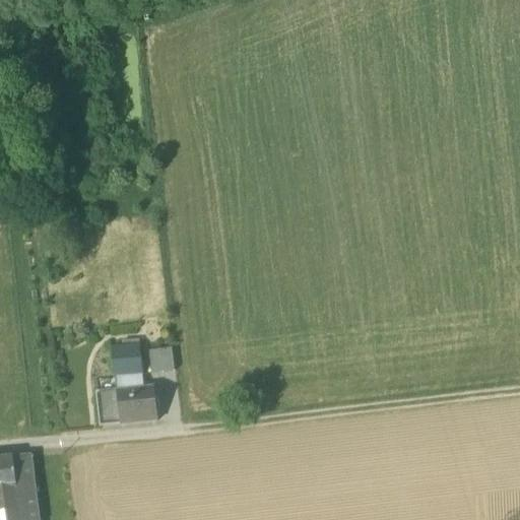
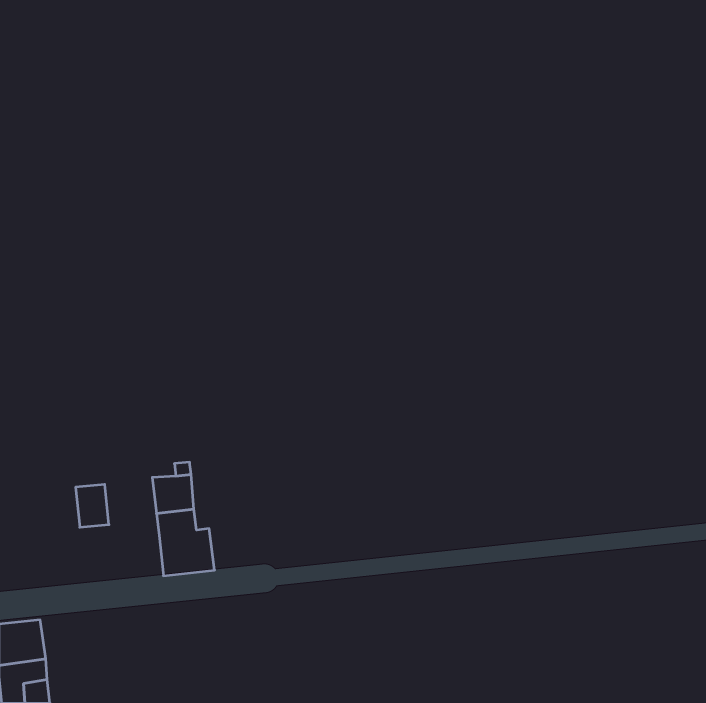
building: [151,342,175,376] -> none
building: [95,393,120,425] -> [76,484,109,527]

